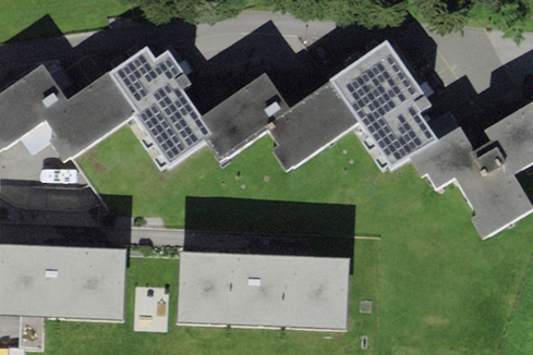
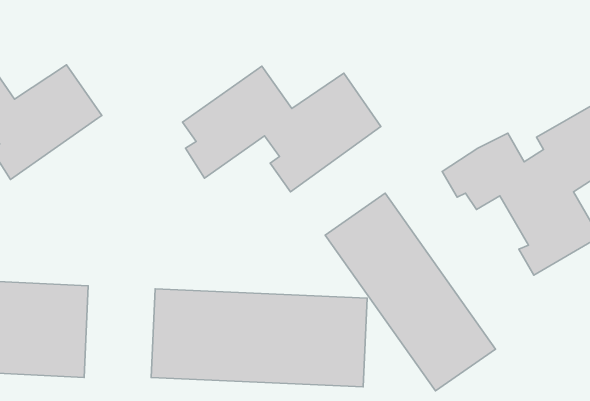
building: [330,39,437,168] -> none
building: [109,46,213,162] -> none
building: none -> [325,193,495,391]

